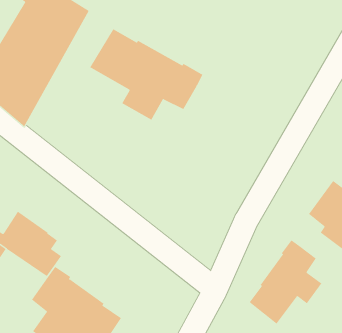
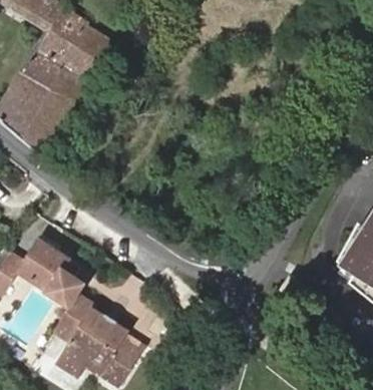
building: [90,28,203,120] -> none
building: [249,239,322,324] -> none

